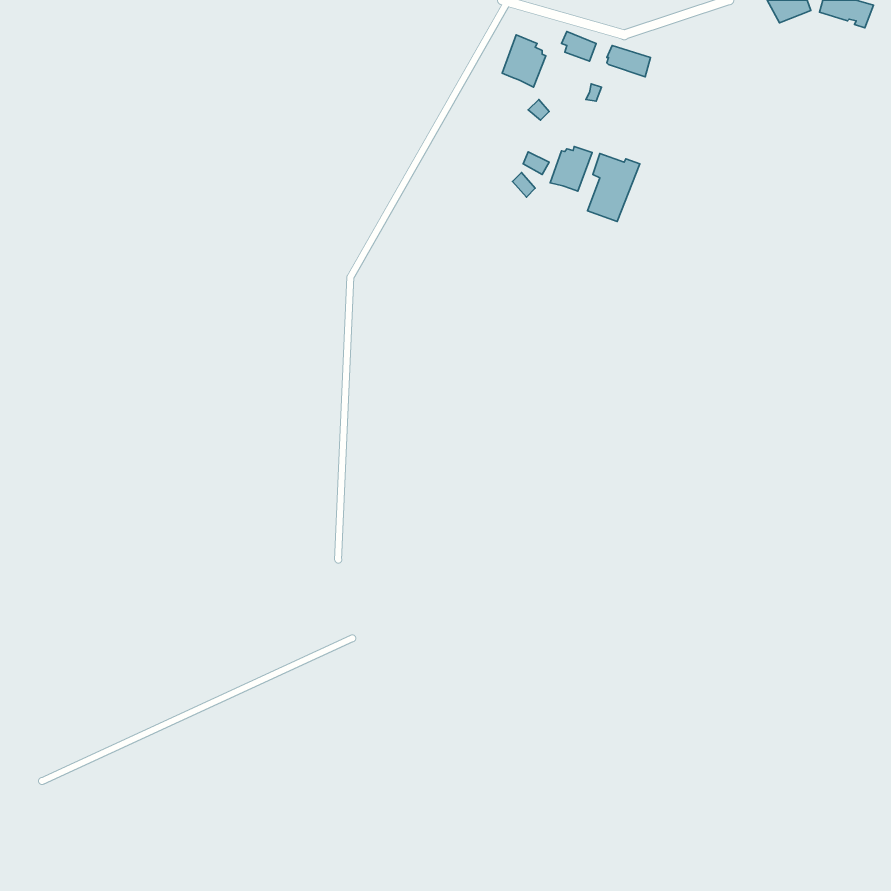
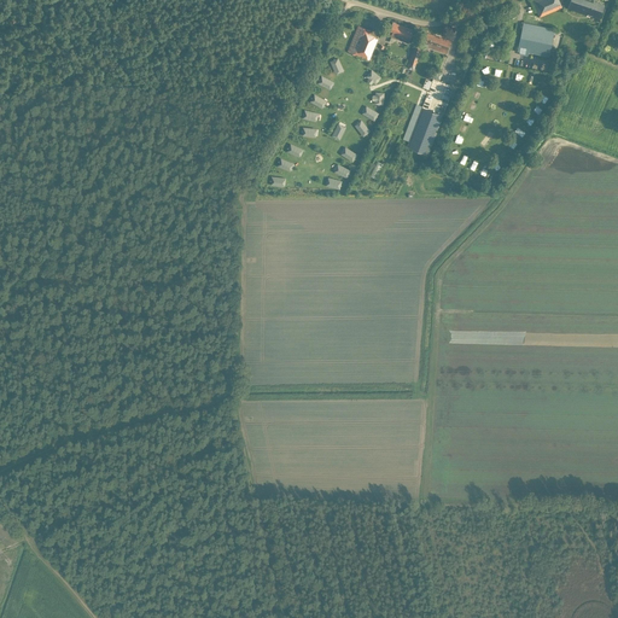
building: none -> [518,22,555,57]
building: [550,147,592,191] -> none

